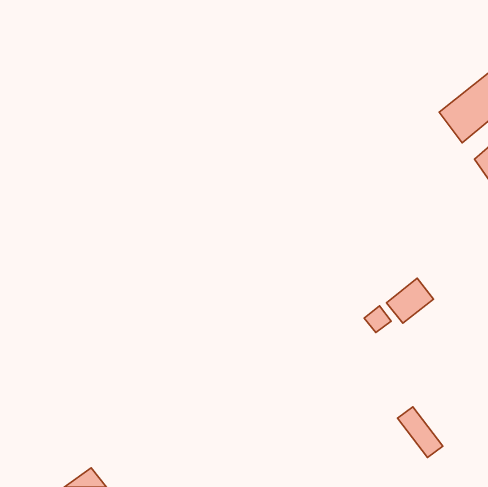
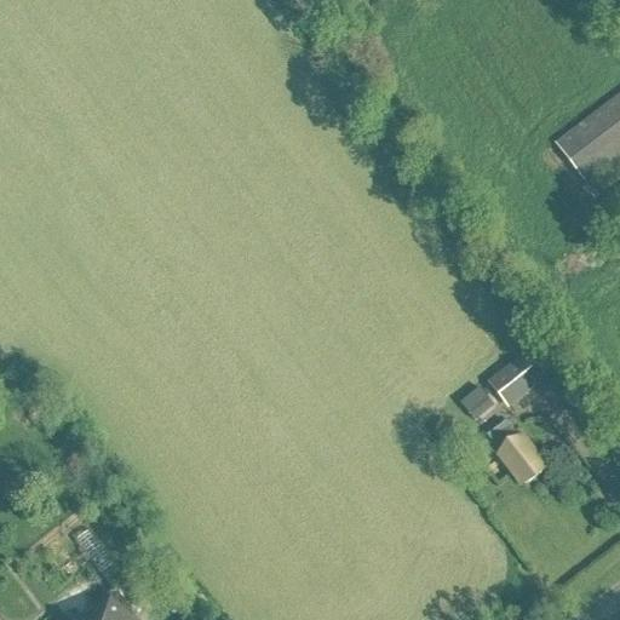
building: [398,407,443,458] -> [489,420,546,484]

